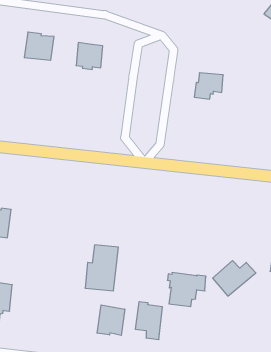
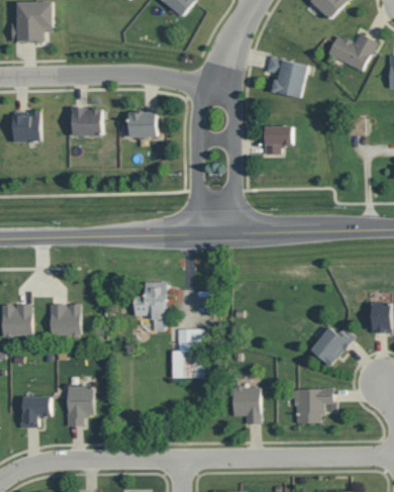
building: none -> [266,56,306,98]
building: none -> [134,282,167,330]
building: [167,273,206,307] -> [290,387,332,422]
building: [97,305,125,335] -> none

